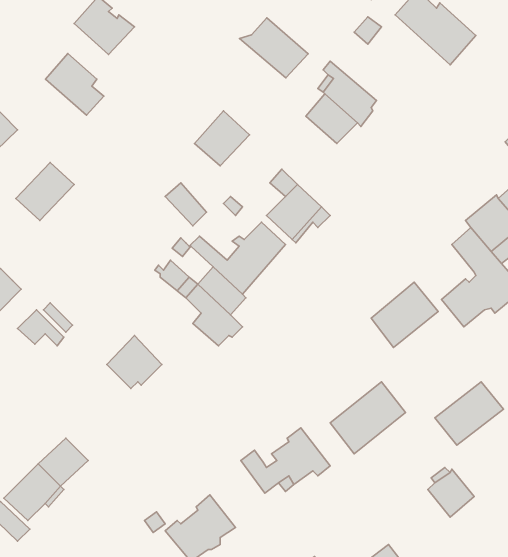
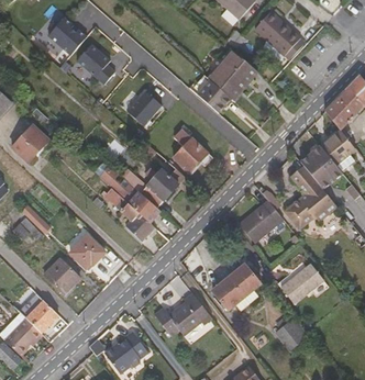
building: [239,18,308,78] -> [212,45,256,83]
building: [45,53,104,115] -> [77,43,114,82]
building: none -> [42,257,79,294]

